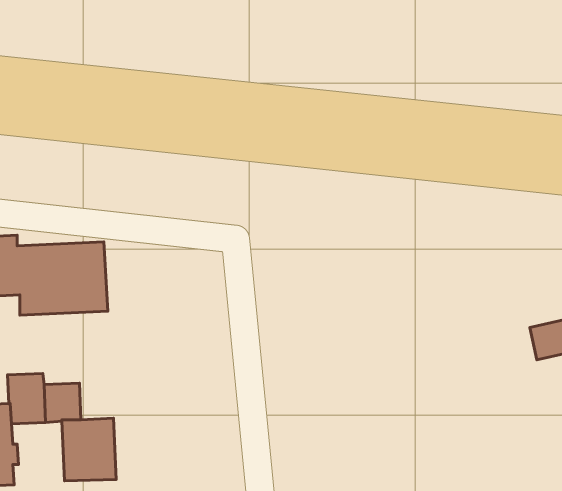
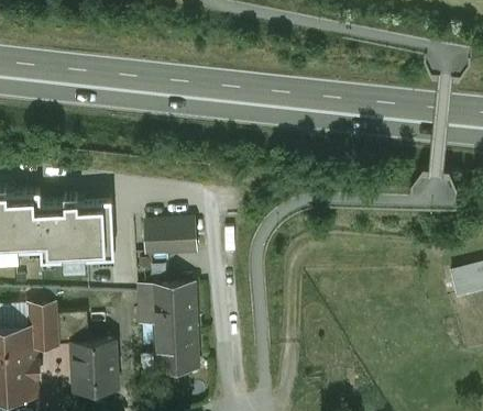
building: none -> [145,222,196,256]
building: none -> [139,287,197,370]

